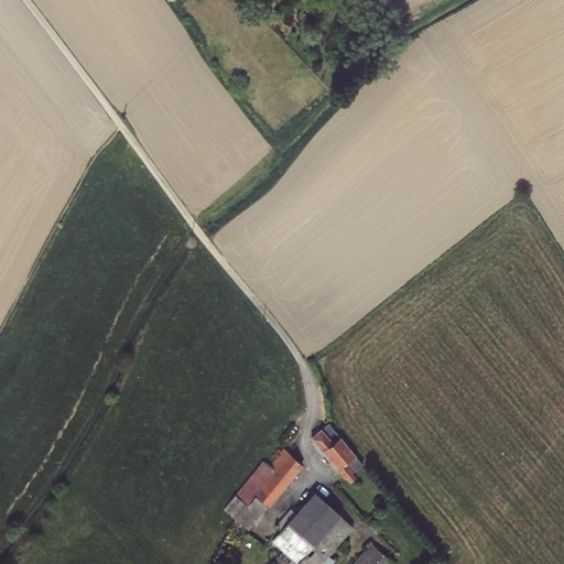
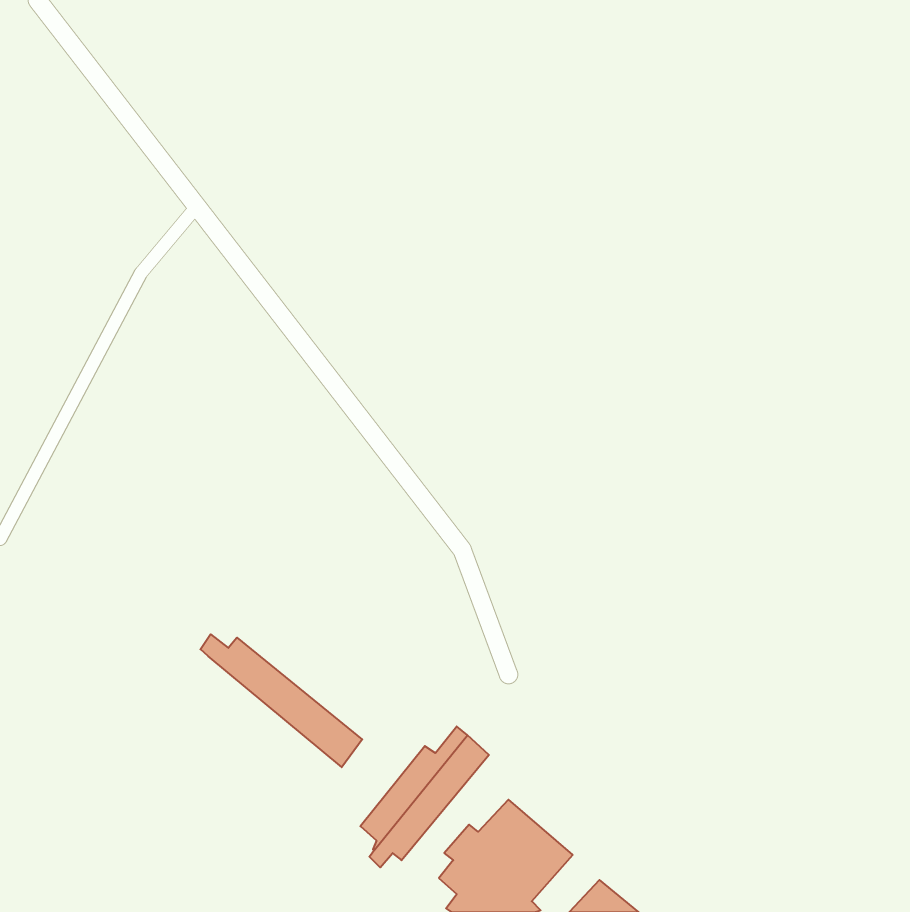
building: none -> [200,634,362,767]
building: [311,423,364,484] -> none

